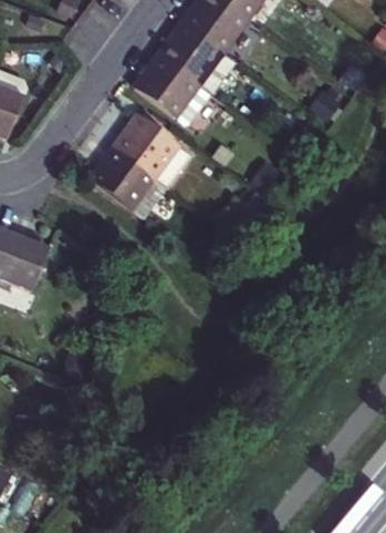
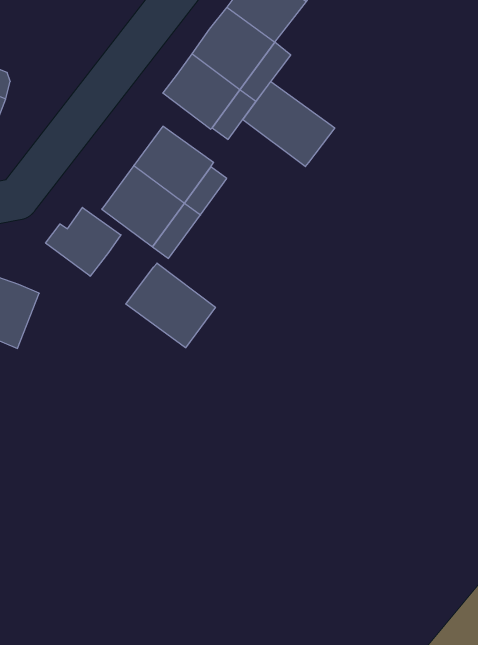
building: none -> [243,81,335,167]
building: none -> [46,207,121,276]
building: none -> [126,263,215,348]

